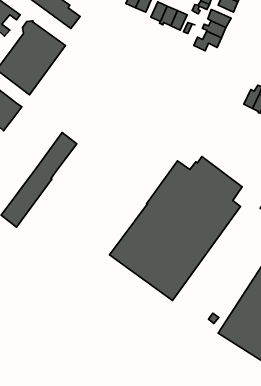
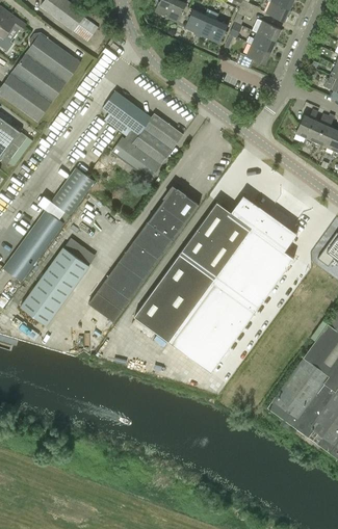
building: none -> [103,90,183,180]
building: none -> [88,187,199,322]
building: none -> [20,237,96,326]

